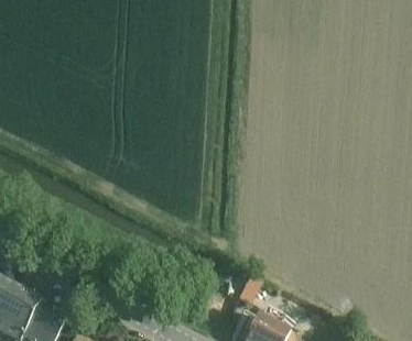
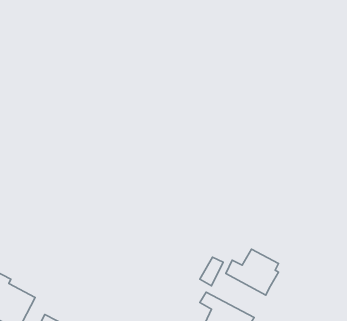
building: none -> [226,249,279,295]

